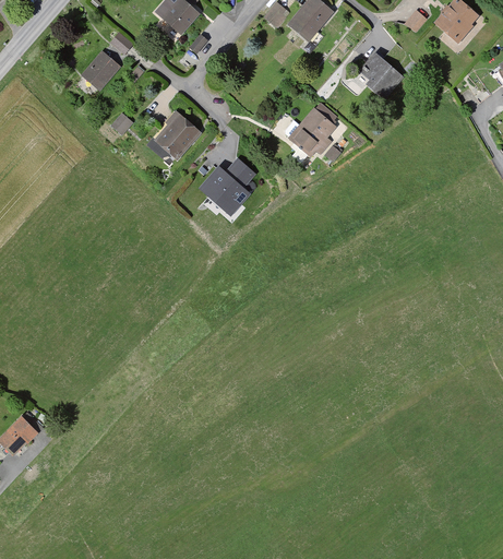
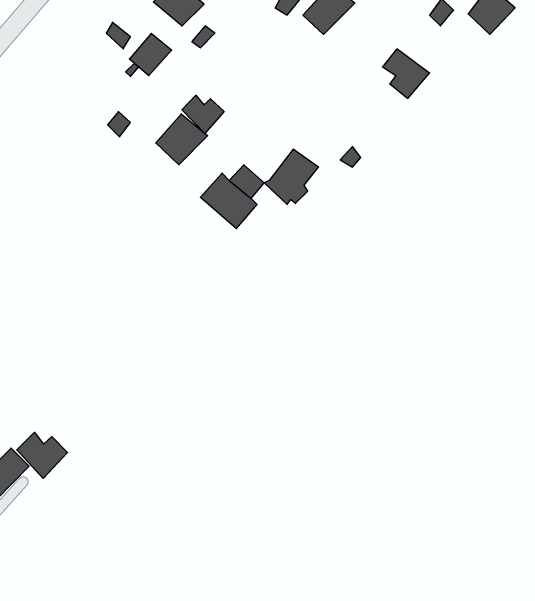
building: [81,49,119,87] -> [129,33,172,76]
building: none -> [182,95,224,133]
building: [290,104,339,154] -> [264,149,319,204]
building: none -> [17,432,68,478]

